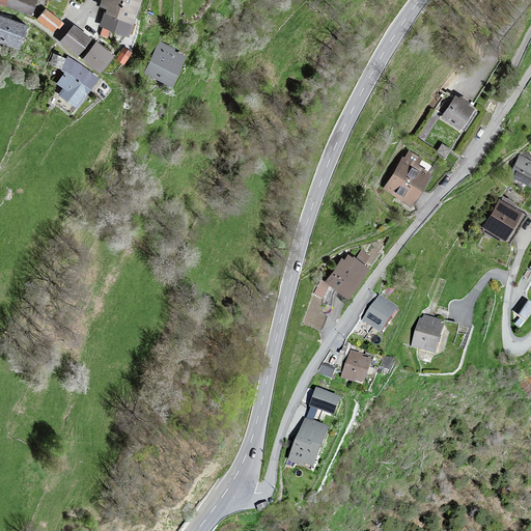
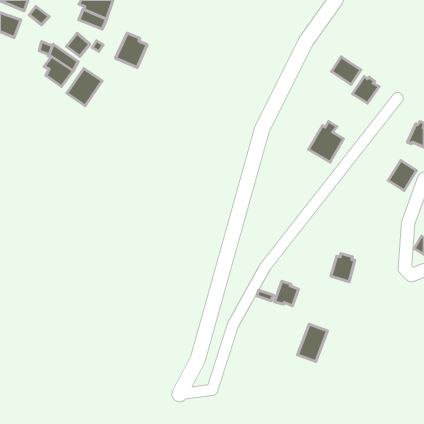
building: [59,23,91,55] -> none
building: none -> [331,57,361,85]
building: none -> [67,68,102,106]
building: [327,254,366,296] -> none
building: [365,296,398,331] -> none
building: [311,389,341,415] -> none
building: [291,419,329,466] -> [298,324,327,361]

